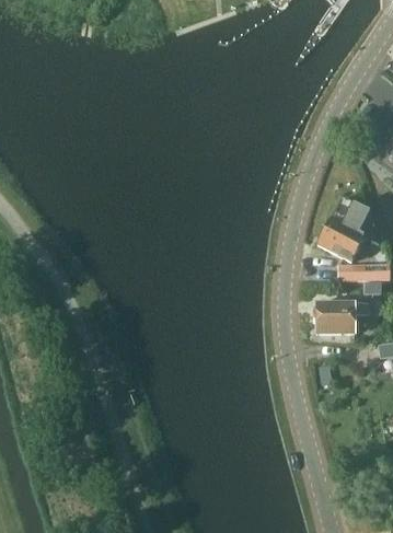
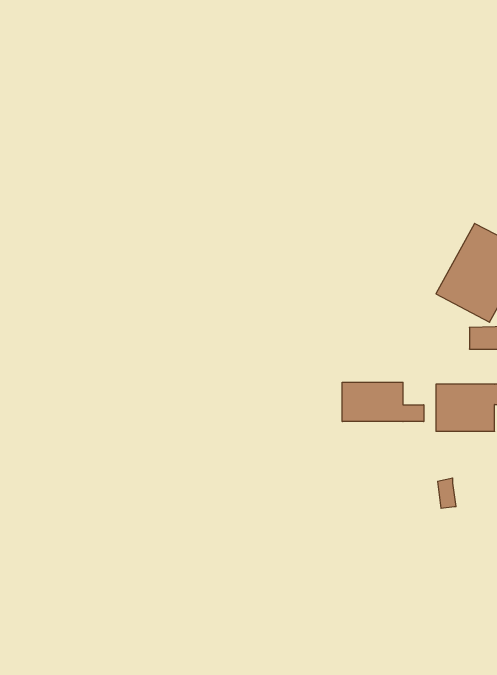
building: none -> [342,382,424,422]

